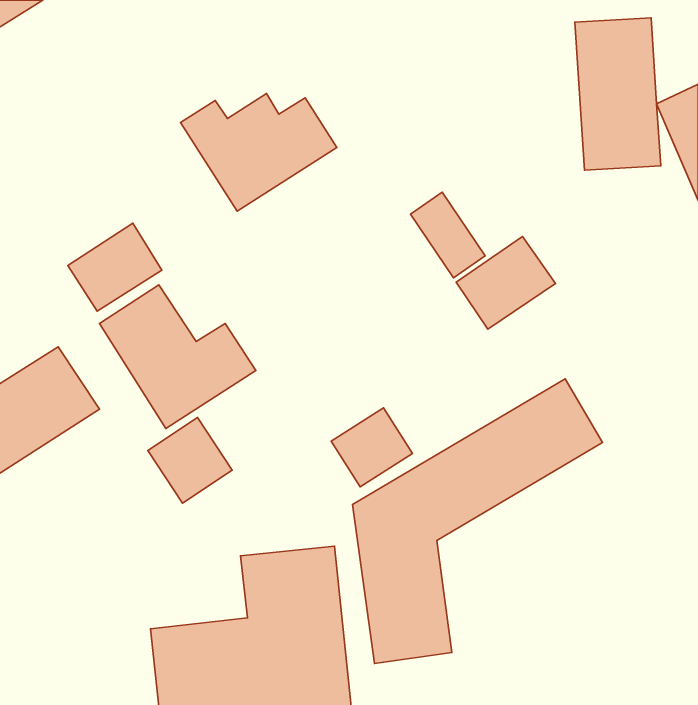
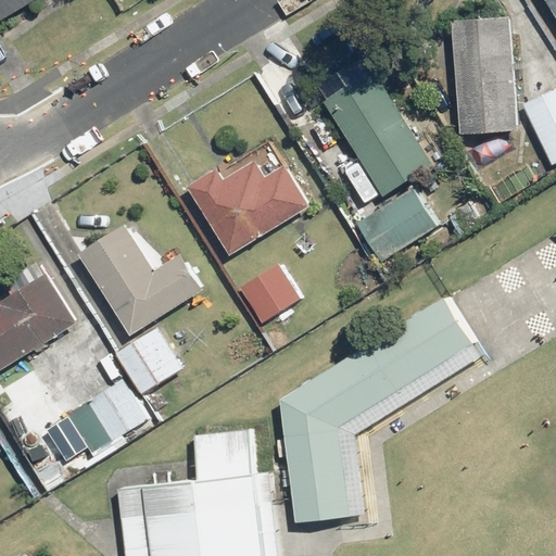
building: none -> [324,72,431,197]
building: [181,94,337,211] -> [186,162,308,254]
building: [68,223,162,311] -> none
building: [331,408,413,487] -> [237,264,301,326]
building: none -> [65,381,147,455]

